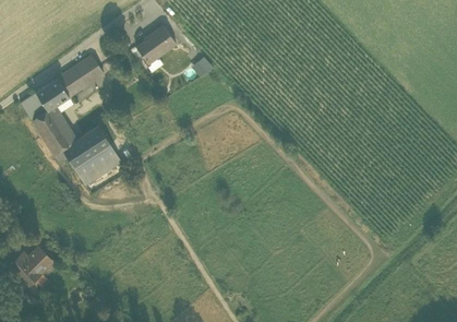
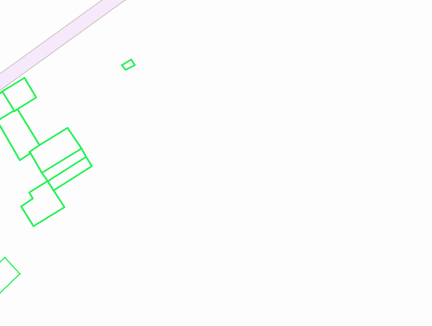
building: [137,26,177,63] -> none
building: [58,56,105,97] -> none
building: none -> [21,181,65,226]

